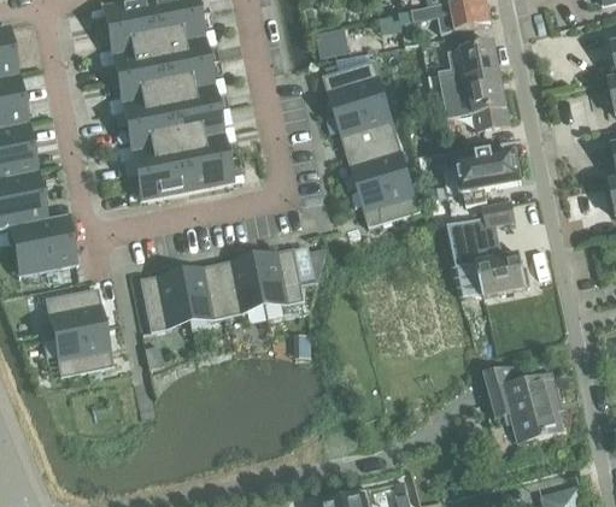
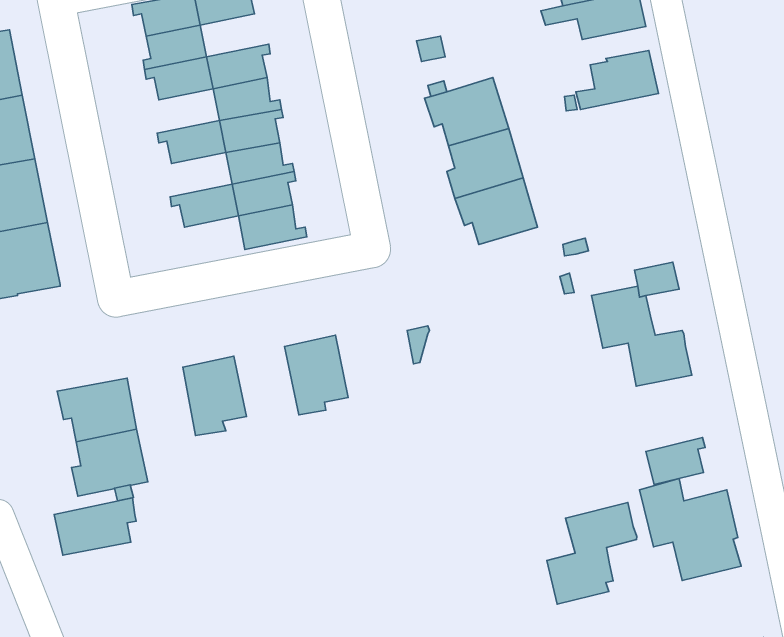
building: [152,12,204,45] -> none
building: [118,69,166,102] -> none
building: [440,72,509,129] -> none
building: [128,117,176,151] -> none
building: [456,151,521,205] -> none
building: [137,165,186,200] -> none
building: [362,173,420,228] -> none
building: [13,213,75,275] -> none
building: [254,248,304,305] -> none
building: [177,264,227,320] -> none
building: none -> [646,438,705,485]
building: none -> [54,498,136,555]
building: none -> [547,503,637,604]

